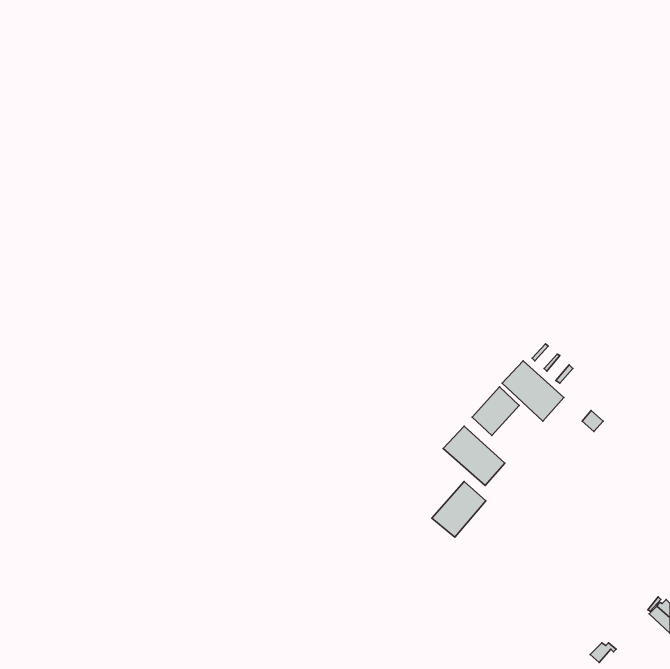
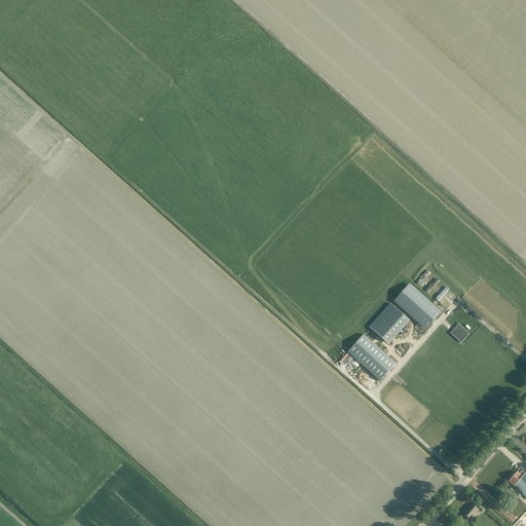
building: [432,482,486,537] -> none

